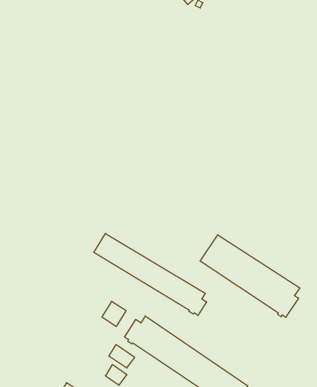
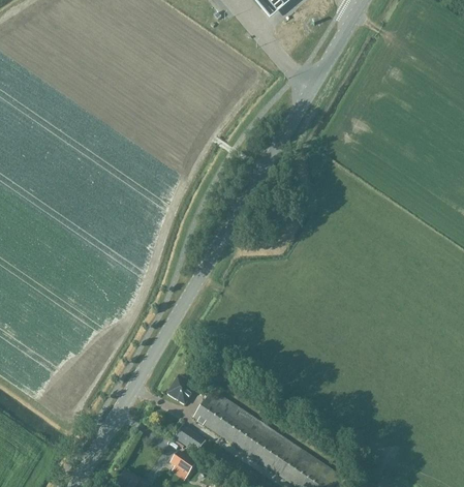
building: [94,233,207,316] -> none
building: [200,235,300,317] -> none

